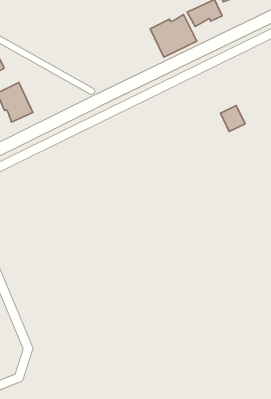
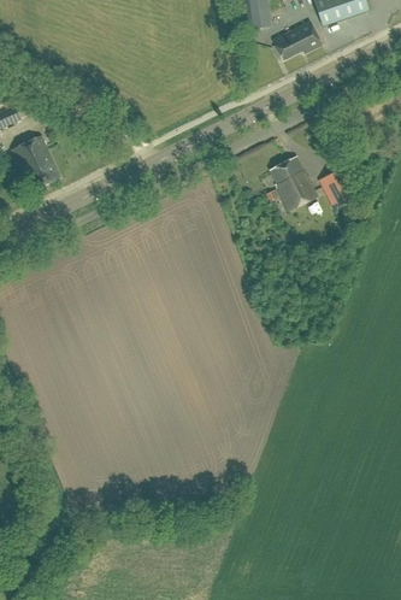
building: [150,14,197,57] -> none
building: none -> [270,155,317,211]

